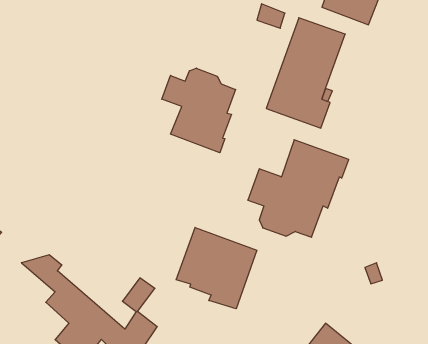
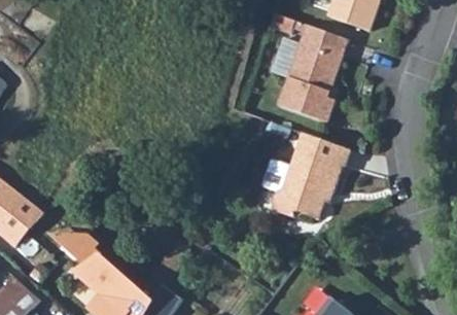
building: [162,68,236,153] -> none
building: [176,227,257,309] -> none

